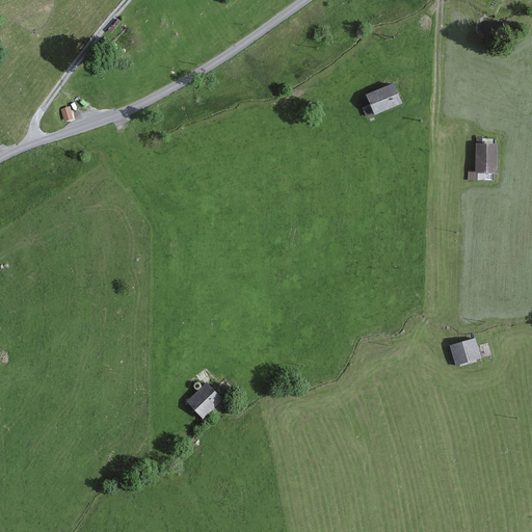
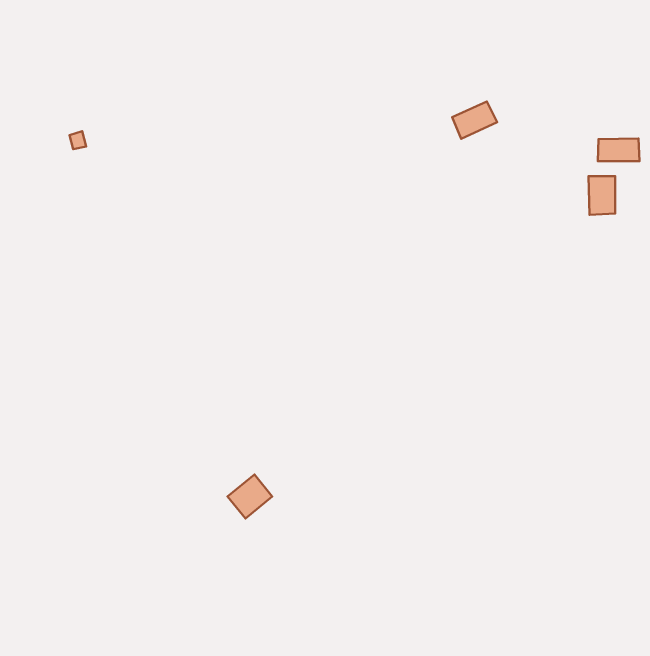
building: none -> [598,139,639,161]
building: [446,338,480,366] -> none

